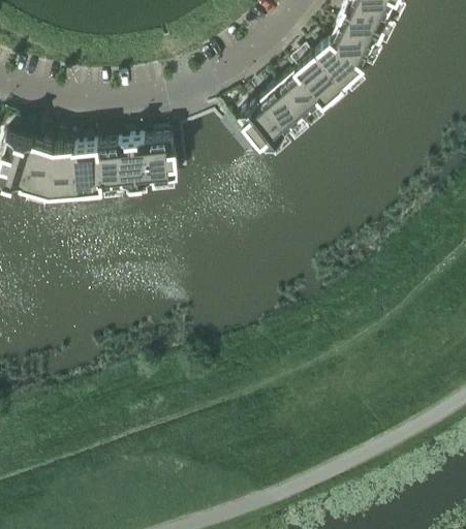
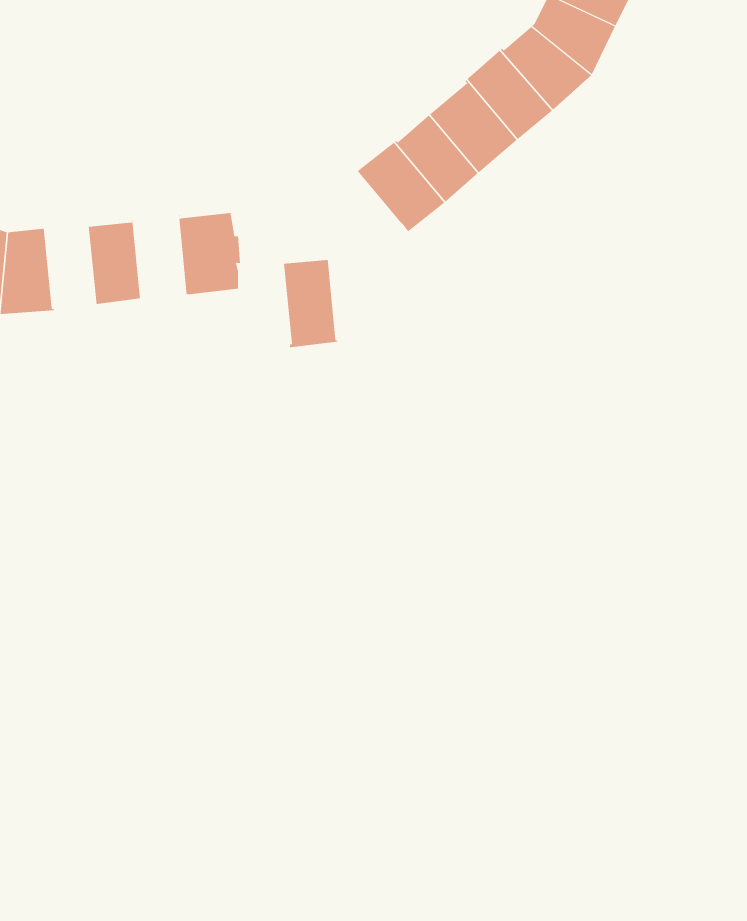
building: [117,146,146,192] -> [283,260,338,348]
building: [70,152,97,195] -> none

